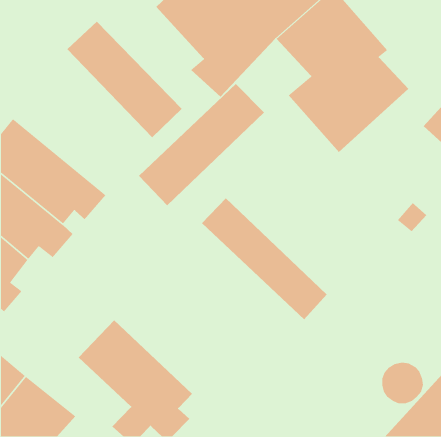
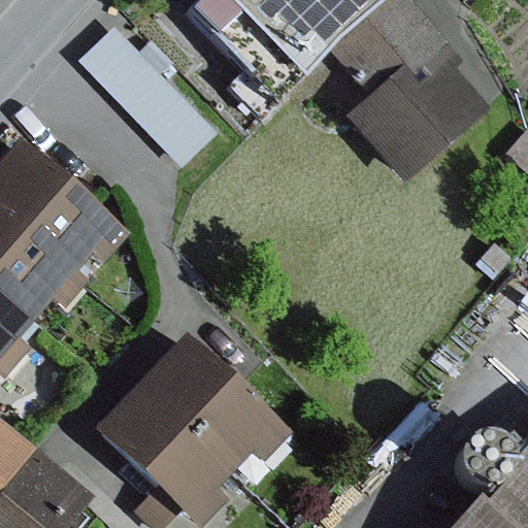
building: [138,83,265,206] -> none
building: [201,198,328,320] -> none
building: none -> [137,330,290,470]

